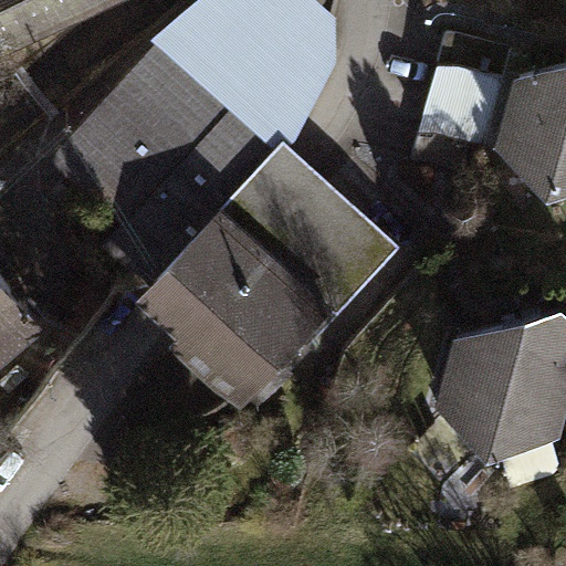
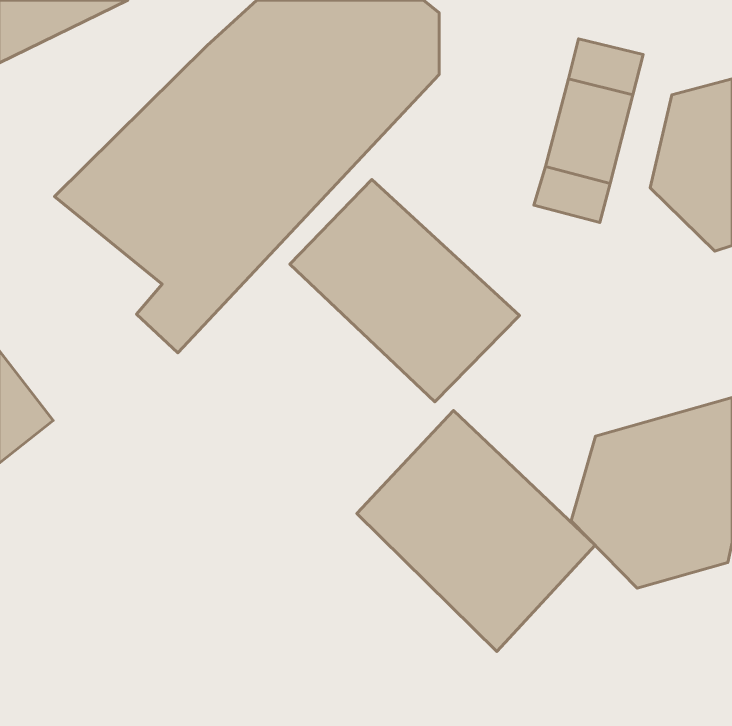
building: [140,209,335,412] -> none
building: none -> [357,411,595,651]

